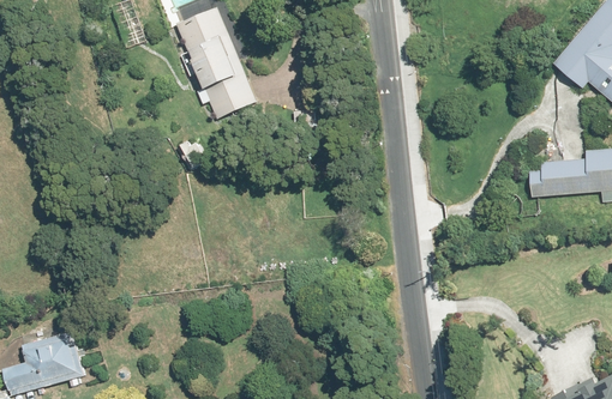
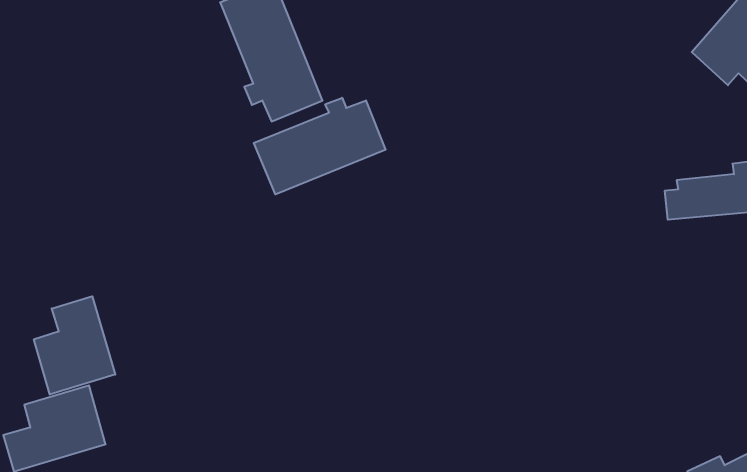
building: none -> [254,98,386,194]
building: none -> [34,296,115,395]

